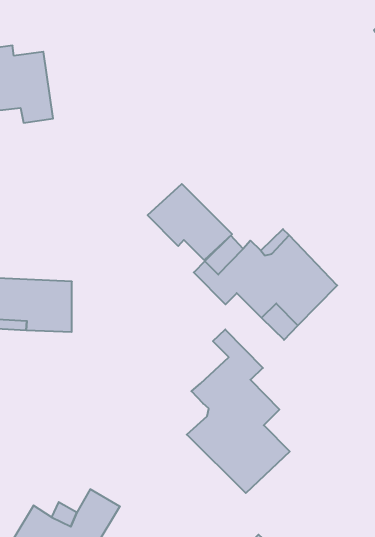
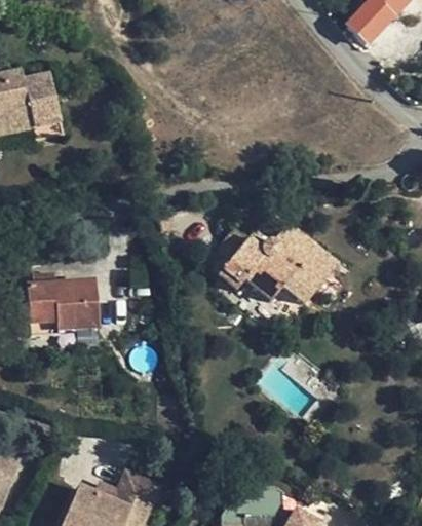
building: [148,184,232,260] -> none
building: [187,329,290,493] -> none

